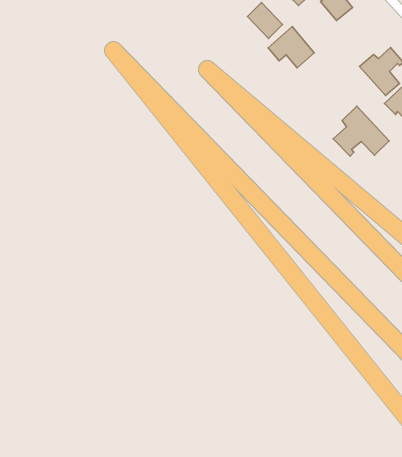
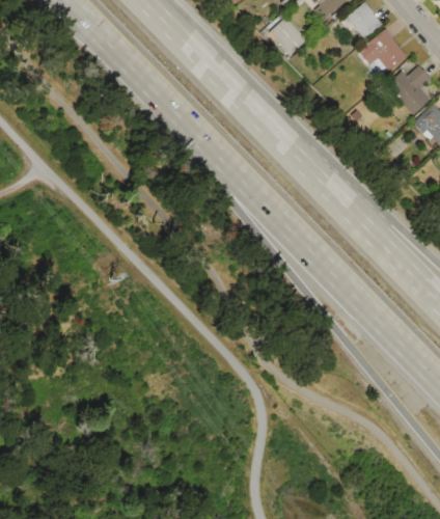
building: [268,27,314,68] -> [359,29,407,72]
building: [333,106,389,156] -> none

